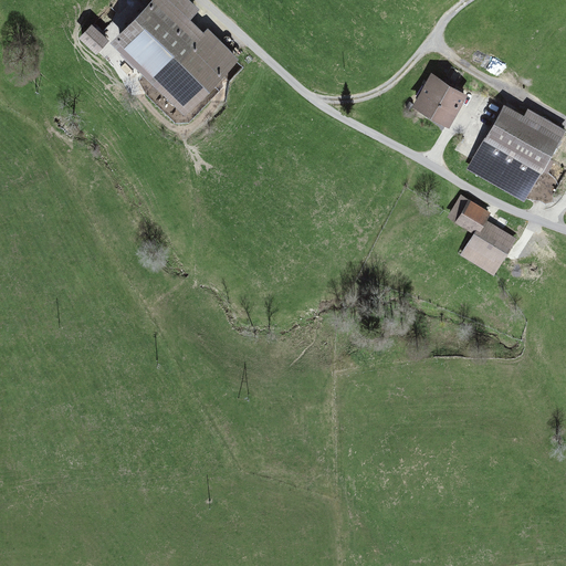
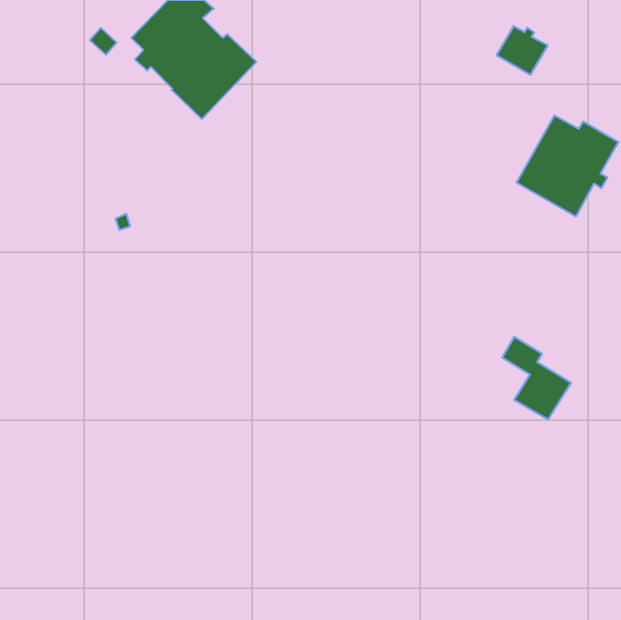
building: [417,77,463,122] -> [497,26,548,75]
building: [451,198,514,273] -> [502,337,571,419]

